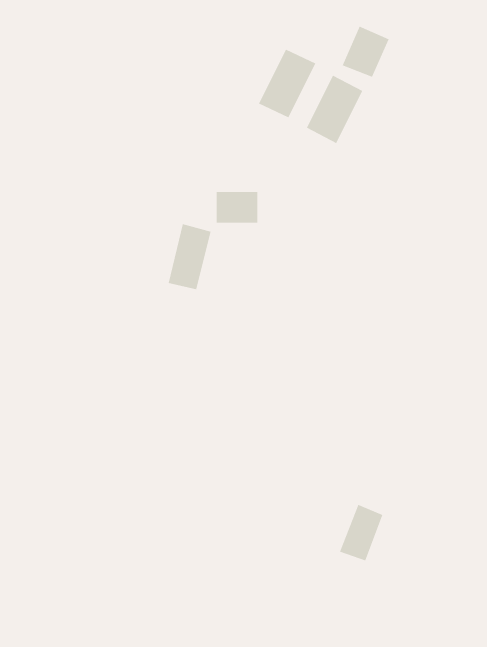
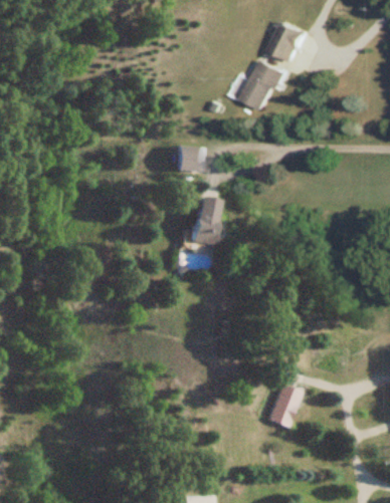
building: [258,49,316,118] -> none
building: [168,223,212,290] -> [185,196,218,246]

